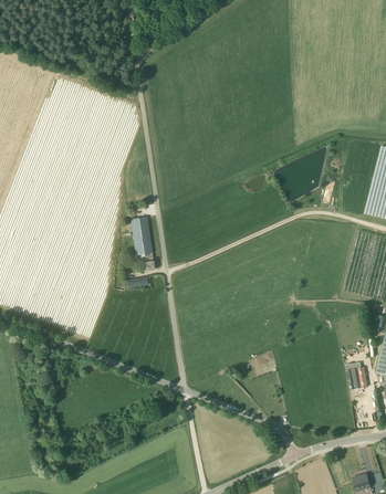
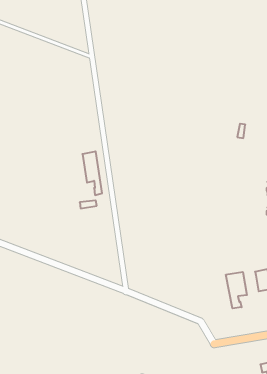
building: none -> [226,272,247,308]

